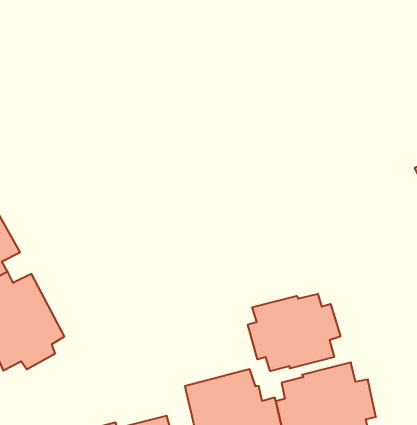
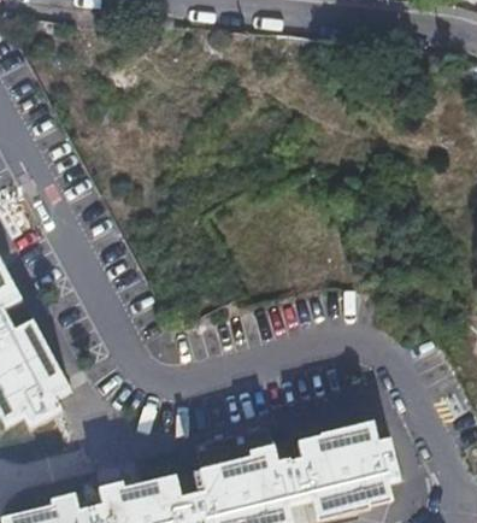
building: [248,294,340,371] -> none

